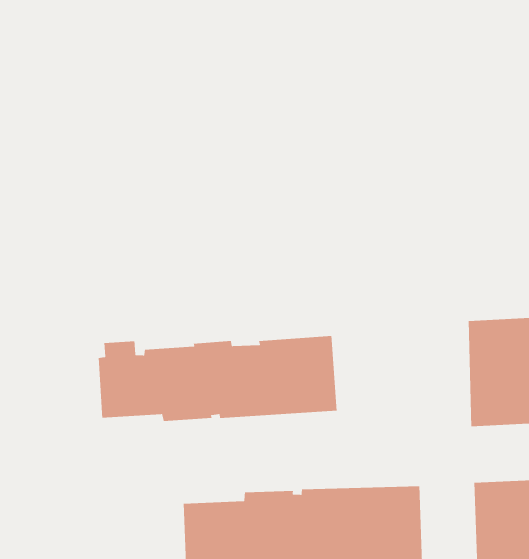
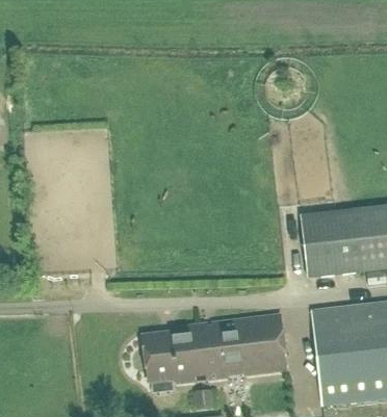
building: [98,335,338,422] -> none

